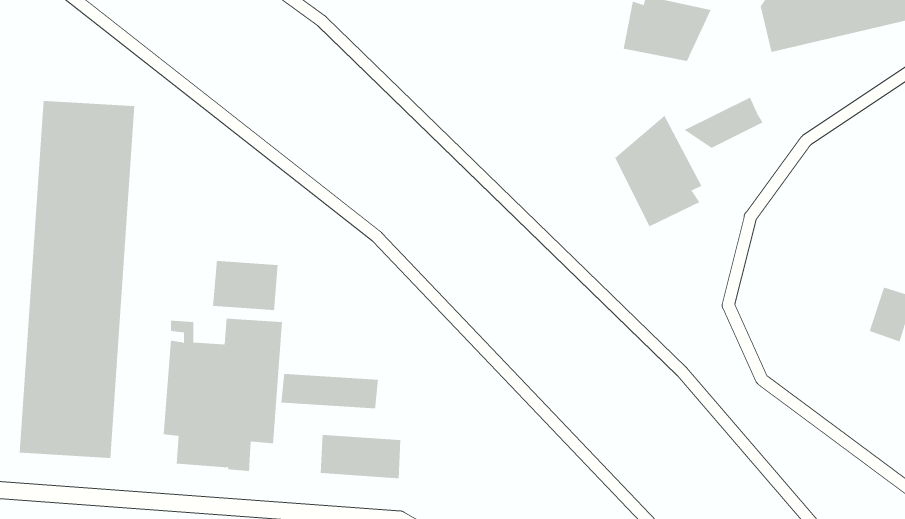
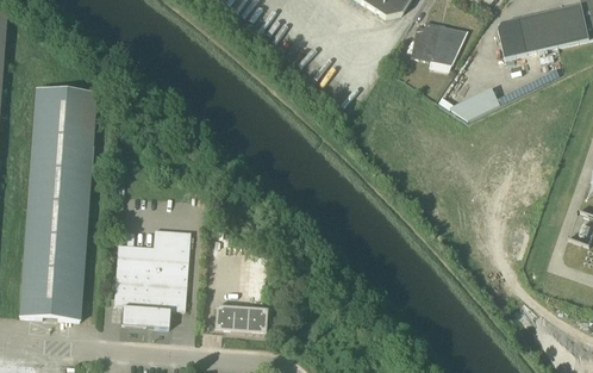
building: [614,115,702,227] -> none
building: [213,260,278,311] -> none
building: [281,373,378,409] -> none

